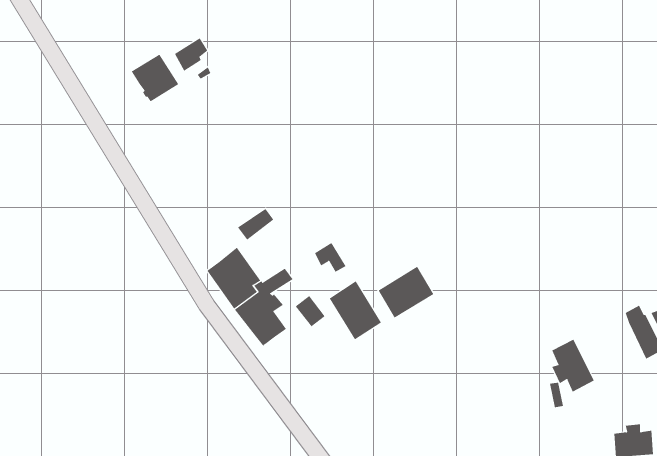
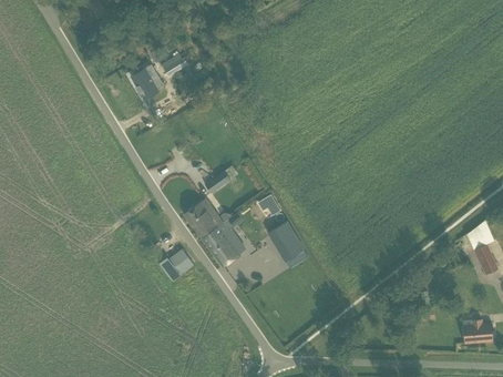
building: [378,266,434,319] -> none
building: none -> [160,248,194,279]
building: [551,339,595,392] -> none

